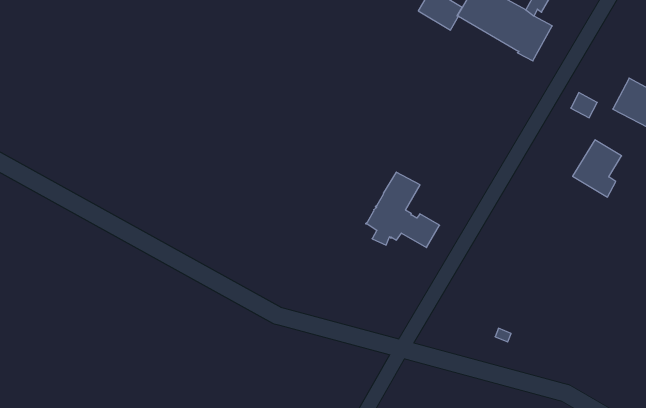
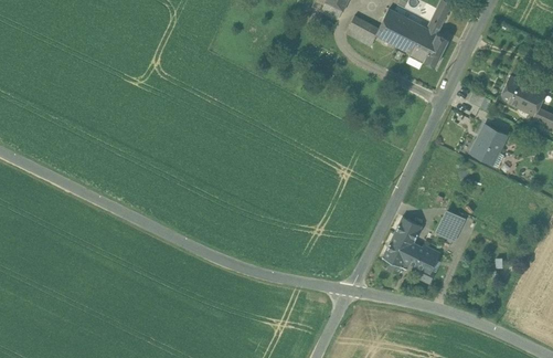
building: [366,172,440,248] -> [383,218,439,274]
building: none -> [437,210,467,241]

